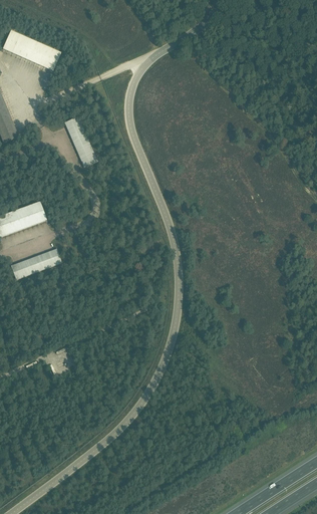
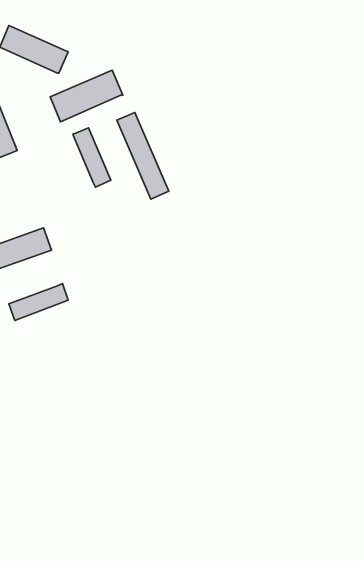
building: none -> [50,70,123,122]
building: none -> [117,112,169,199]

